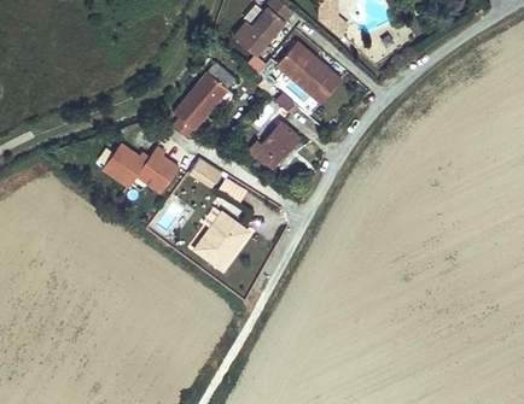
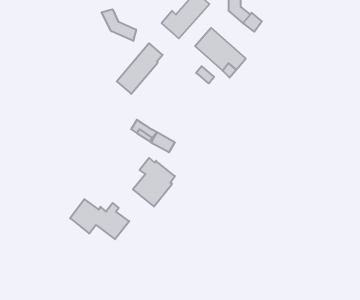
building: none -> [102,9,136,41]
building: [245,122,301,176] -> none
building: [107,140,182,191] -> [70,199,129,239]

